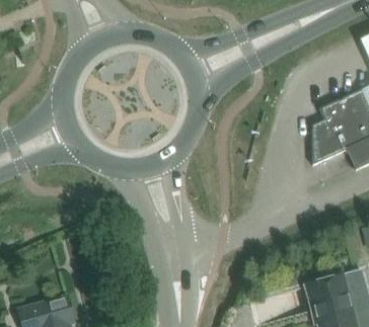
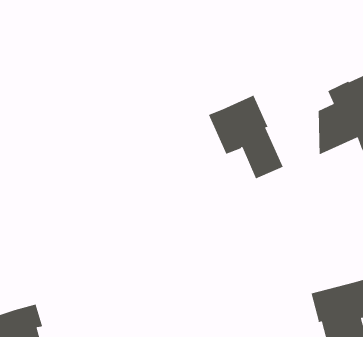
building: none -> [208,94,284,180]

